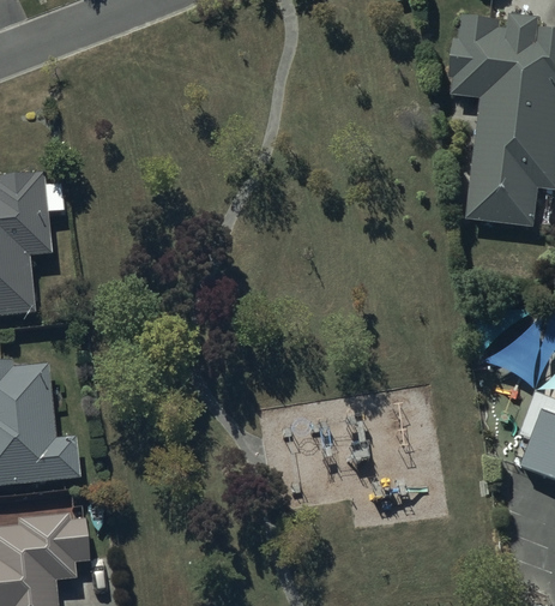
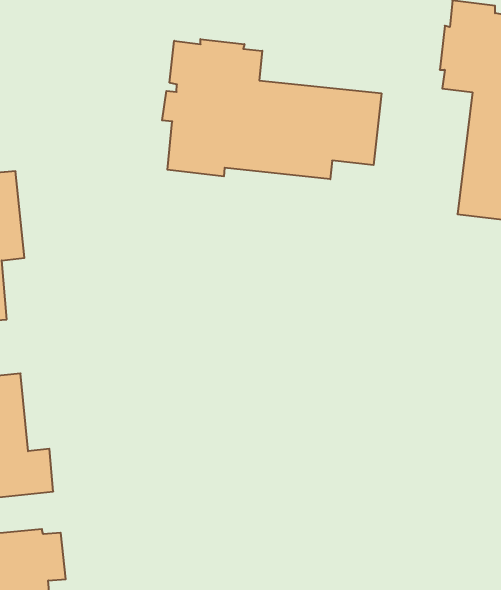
building: none -> [162,39,381,179]

